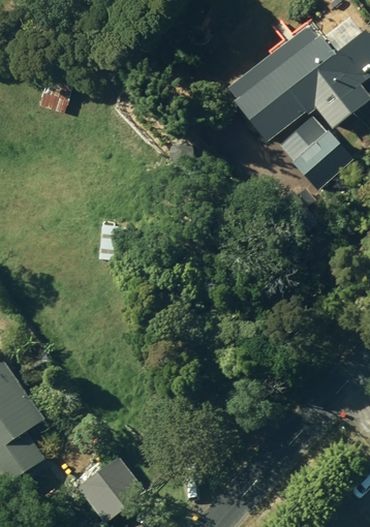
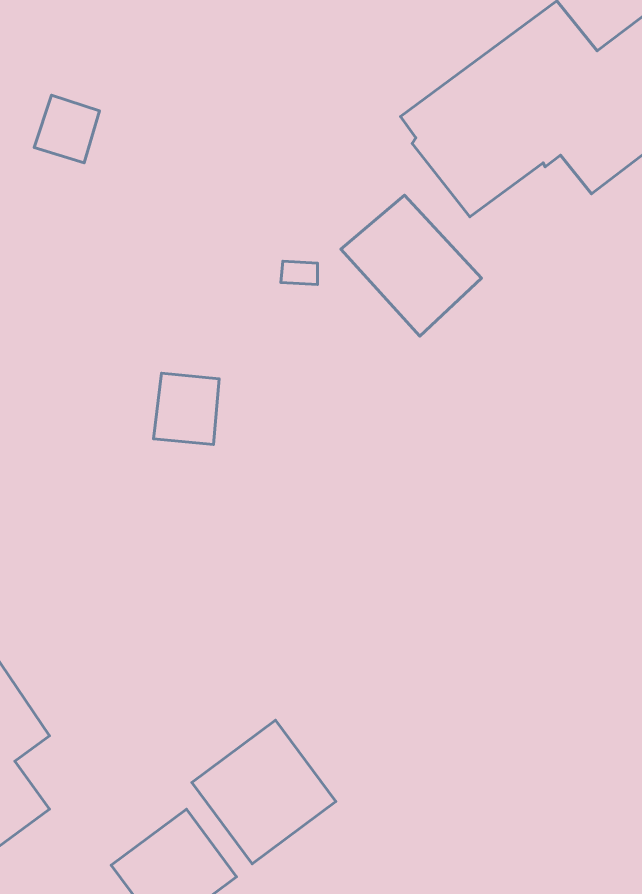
building: [278,115,353,190] -> [341,195,482,336]
building: none -> [192,720,336,864]

